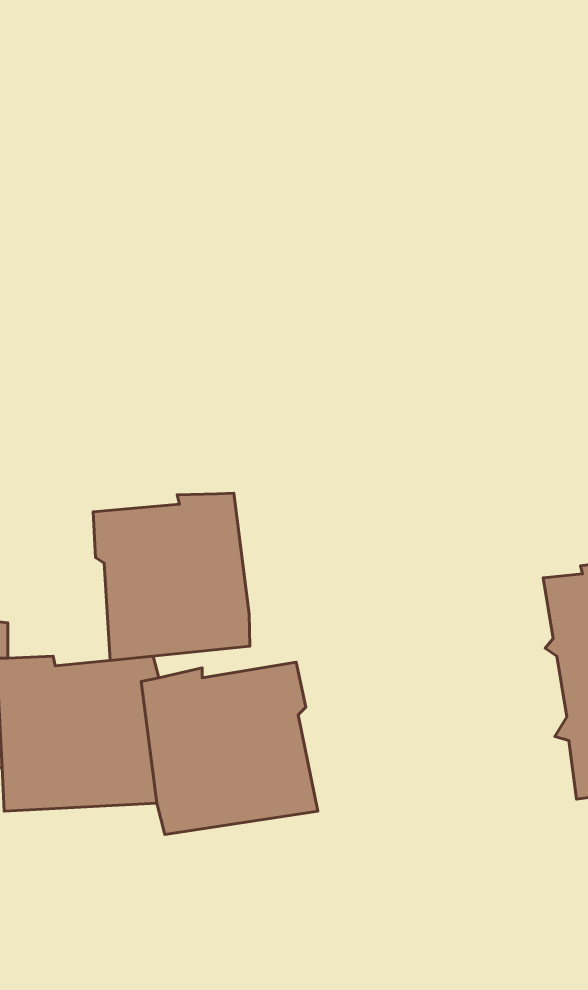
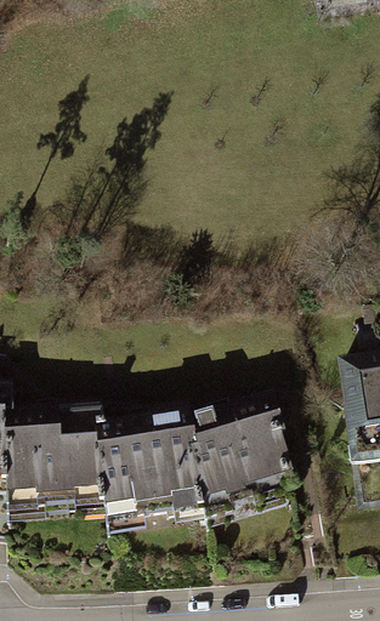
building: [93,493,250,660] -> none
building: none -> [188,395,285,509]

